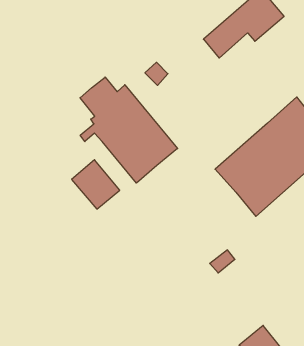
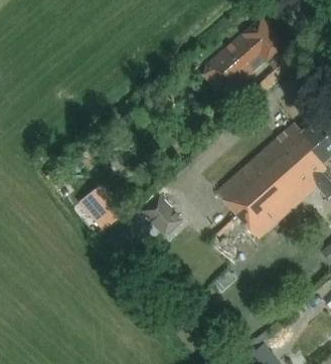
building: [80,77,178,183] -> none
building: none -> [140,195,181,236]

